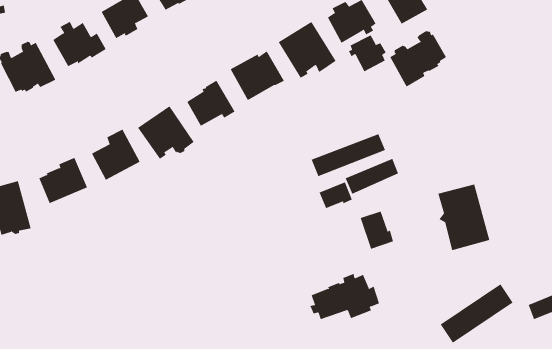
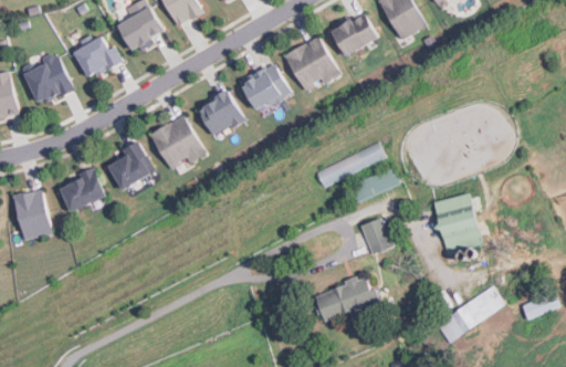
building: [390,30,447,87] -> none
building: [348,34,387,72] -> none
building: [319,181,353,209] -> none

